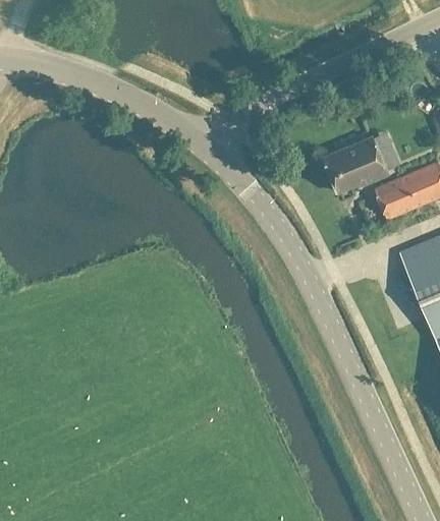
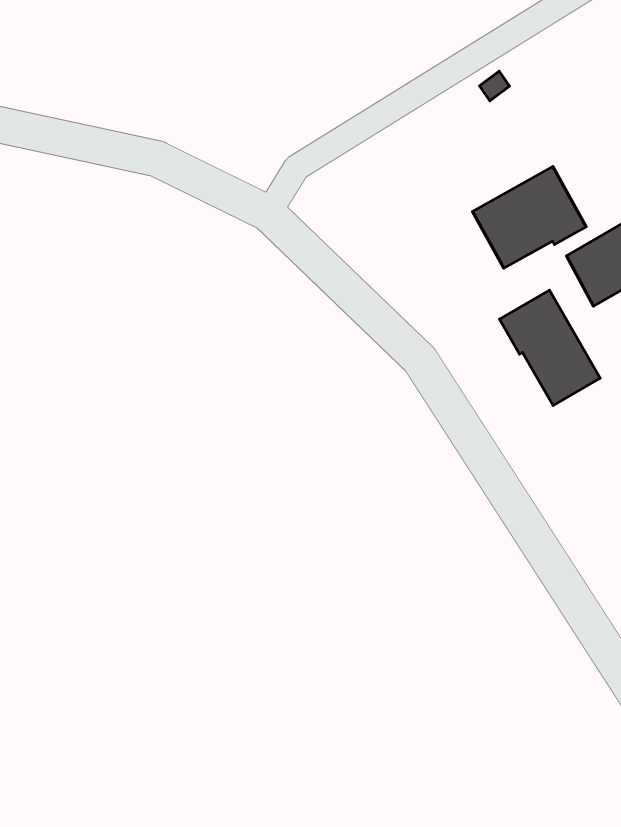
building: none -> [499,290,600,406]

